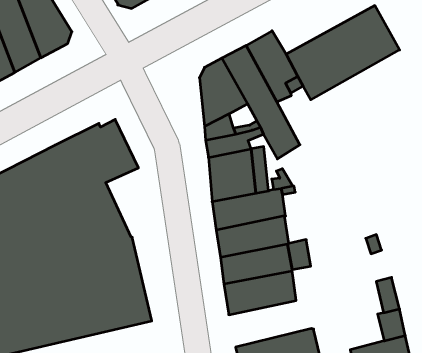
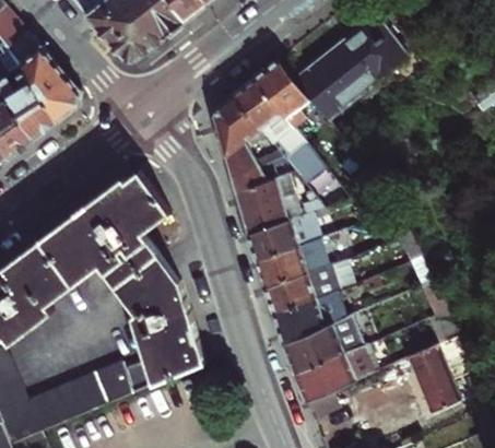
building: none -> [282,316,365,375]

